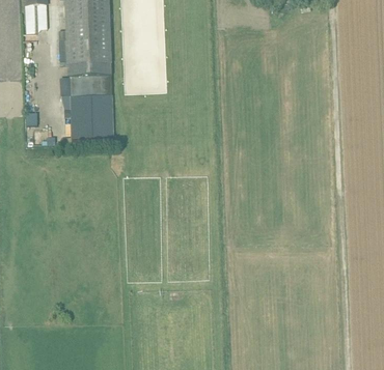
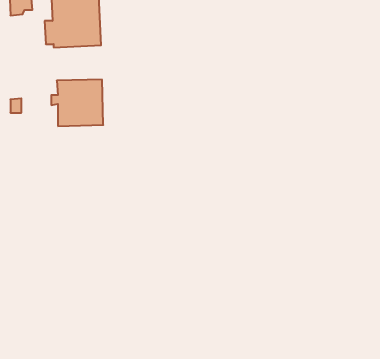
building: [70,75,112,94] -> none

